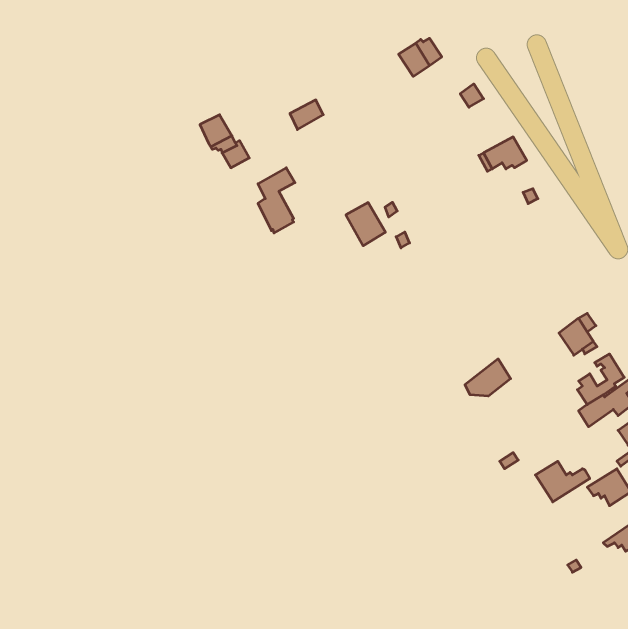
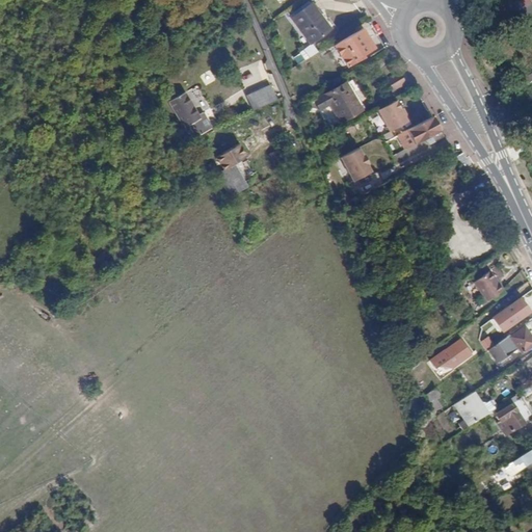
building: none -> [292,5,329,45]
building: none -> [319,85,364,125]
building: none -> [378,102,408,132]
building: [346,203,385,246] -> [339,145,372,182]
building: [465,359,511,396] -> [432,337,471,368]

